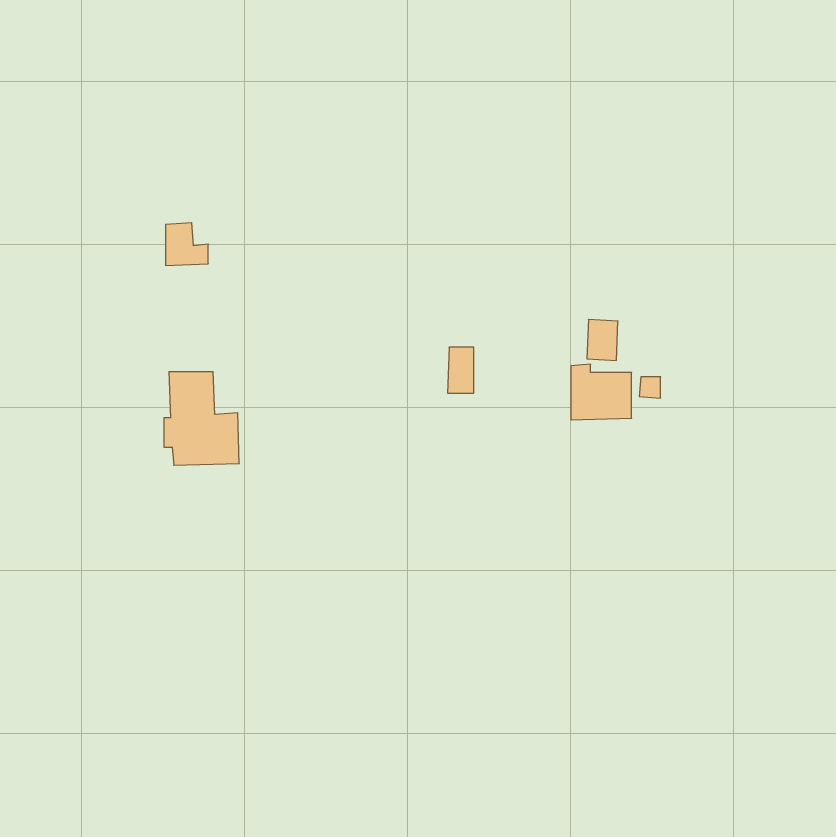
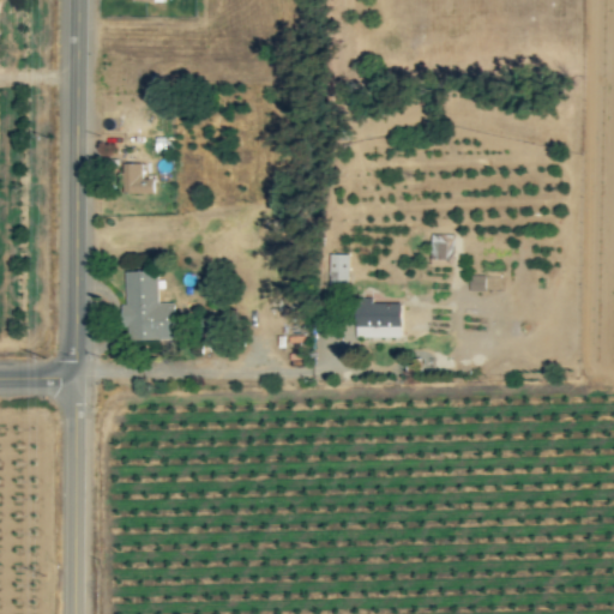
building: [571,364,632,420] -> [356,297,401,338]

